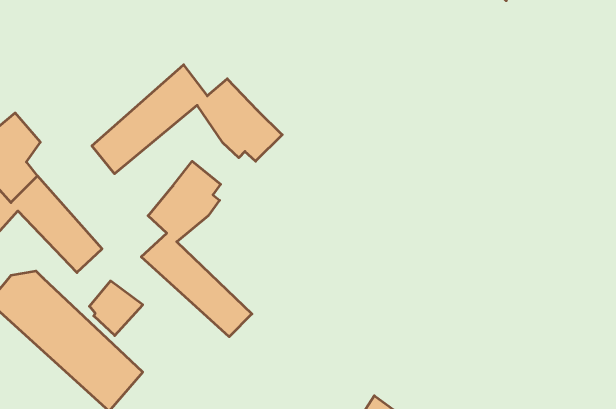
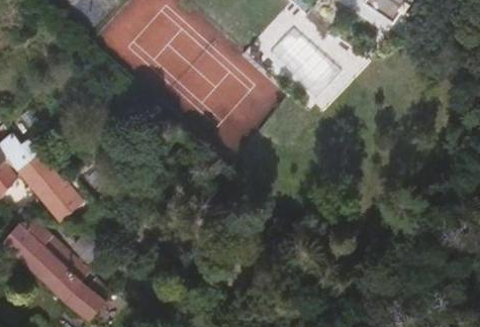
building: [92,65,282,174] -> none
building: [141,161,252,337] -> none

